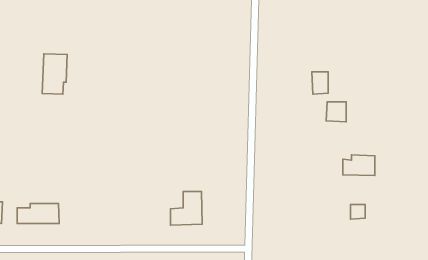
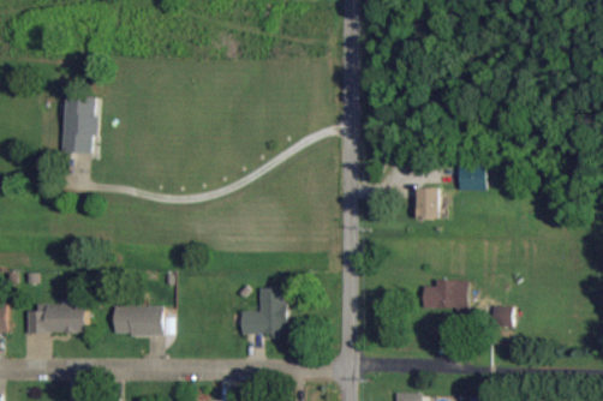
building: [312,72,328,94] -> [416,188,438,220]
building: [343,155,375,176] -> [423,280,467,309]
building: none -> [113,305,163,335]

